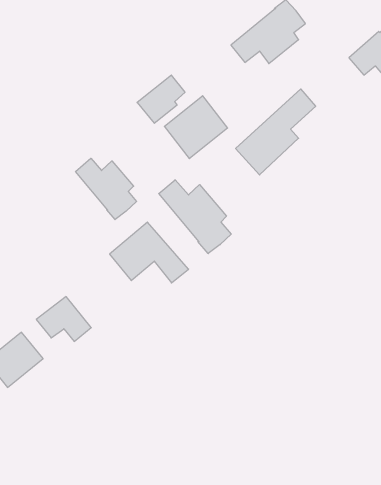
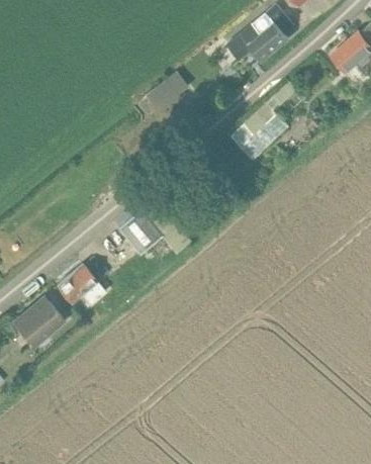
building: [164,96,228,159] -> none
building: [76,158,137,220] -> none
building: [159,180,231,254] -> none

